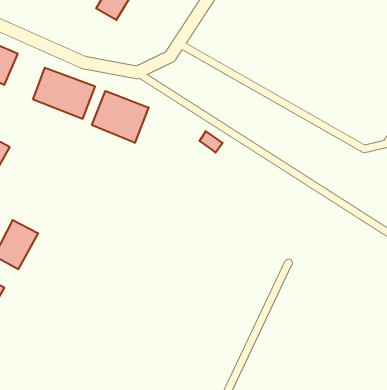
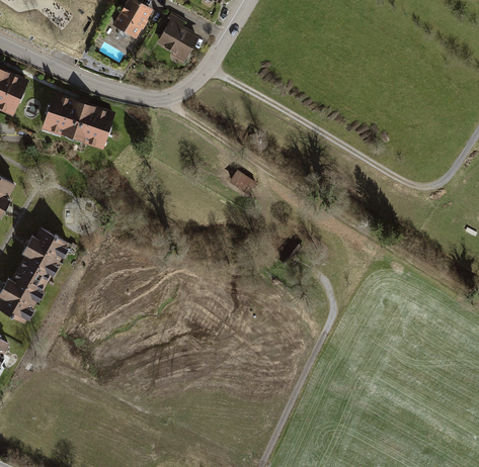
building: none -> [158,20,201,60]
building: [92,91,149,143] -> none
building: none -> [17,225,68,281]

